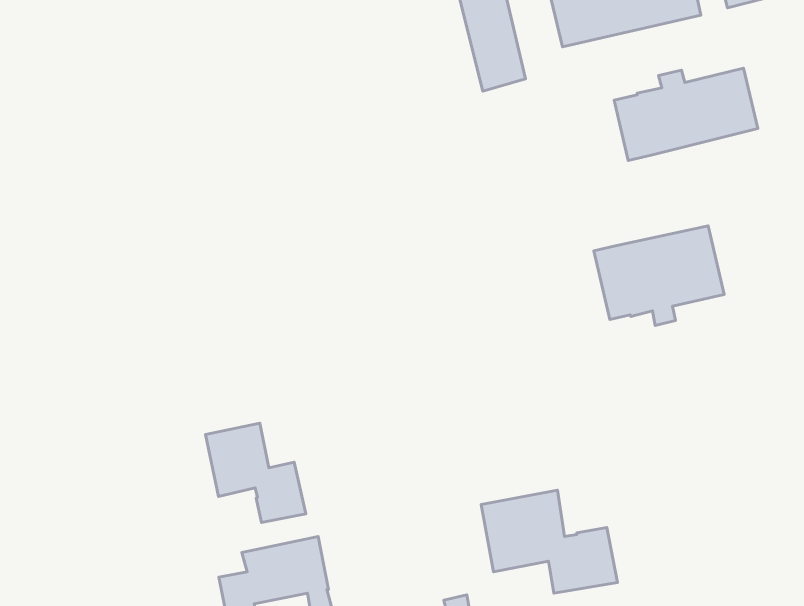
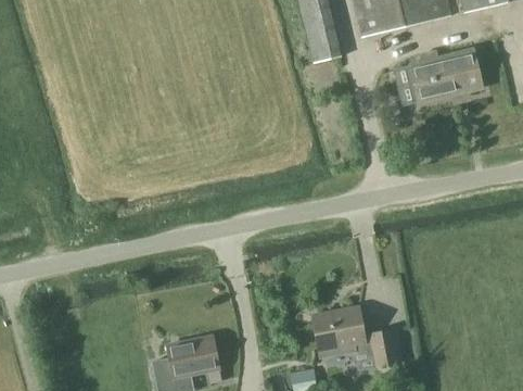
building: [594,226,724,325] -> none
building: [206,423,306,523] -> none

